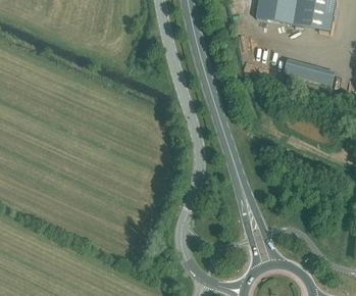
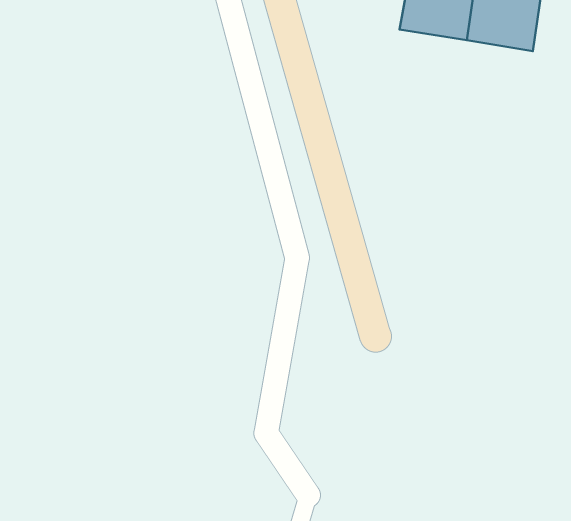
building: [281,58,334,86] -> none

